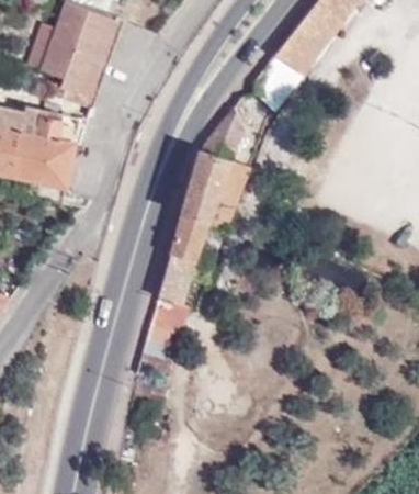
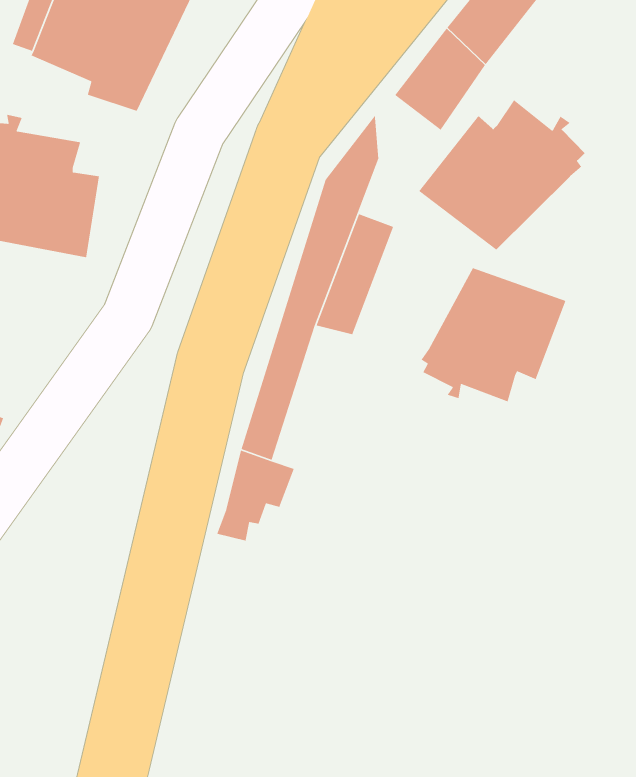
building: none -> [418,99,585,251]
building: none -> [421,267,567,402]

